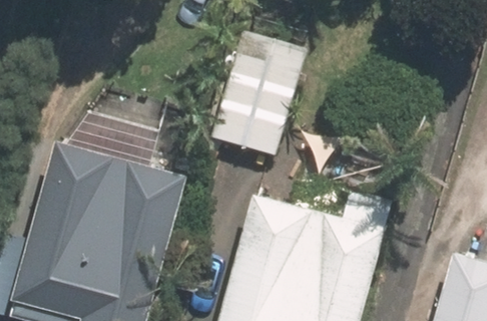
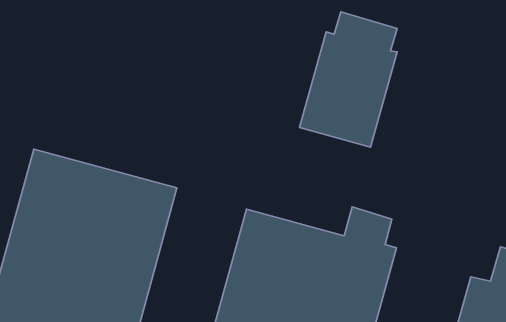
building: [213,36,302,158] -> [300,12,397,147]

